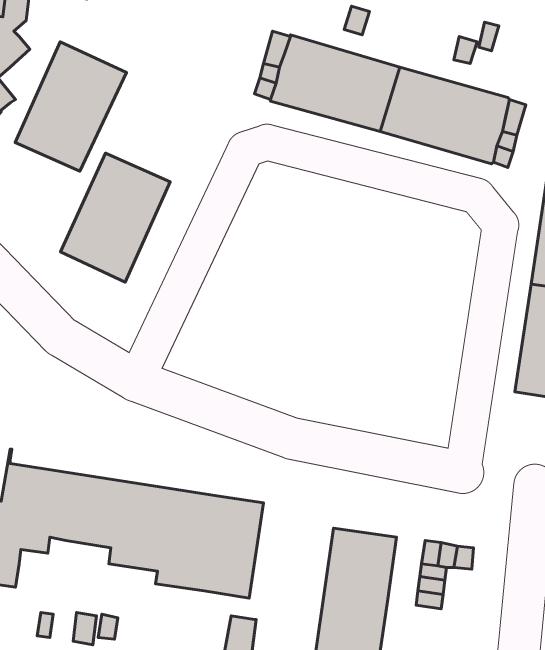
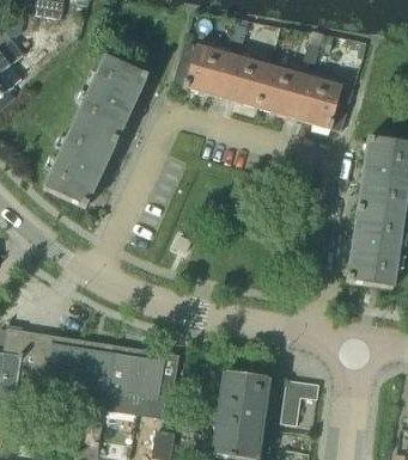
building: [15,42,127,171] -> [73,54,147,140]

